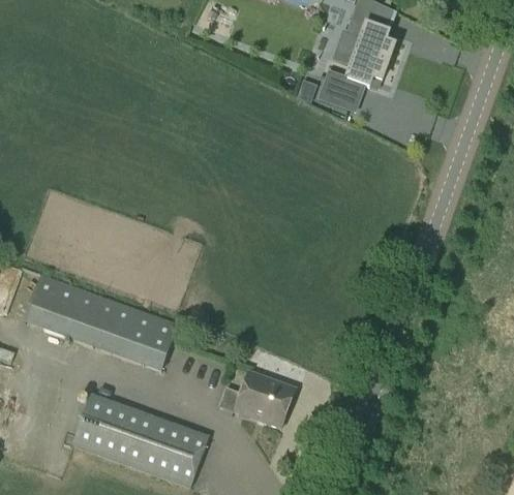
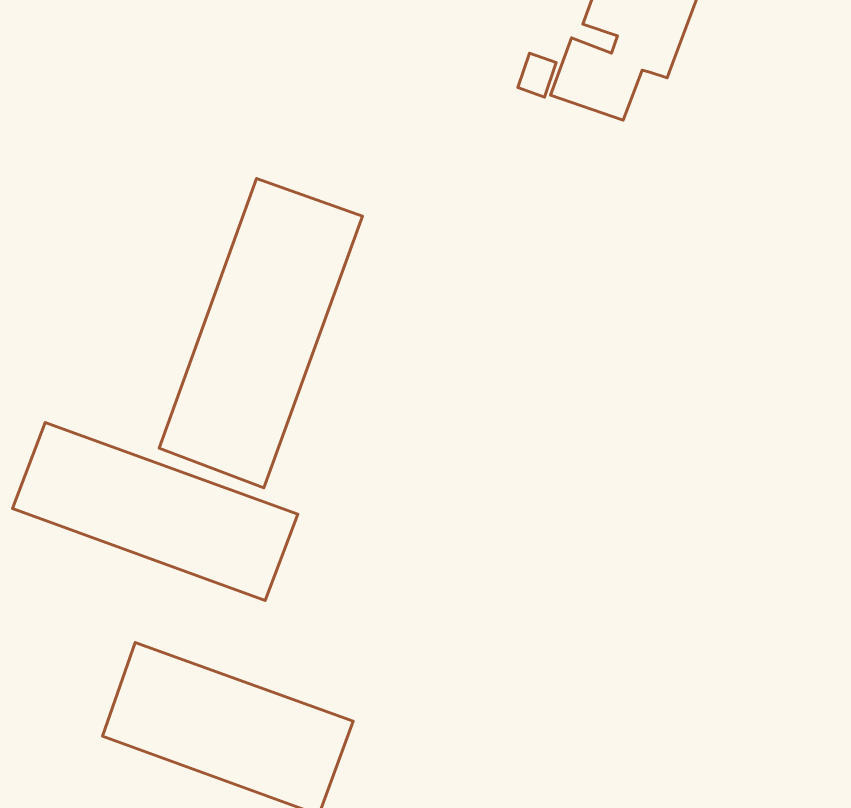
building: none -> [159,179,362,488]
building: [219,371,295,427] -> none

